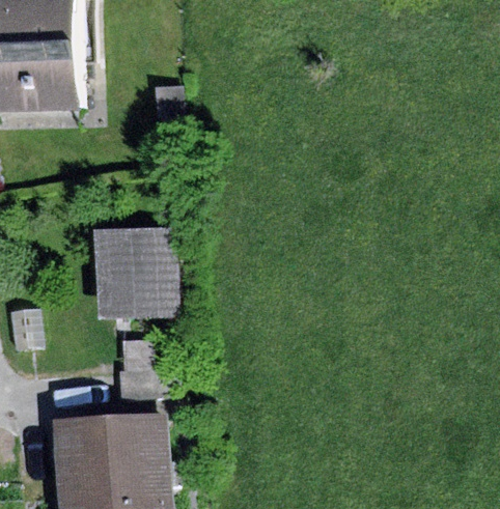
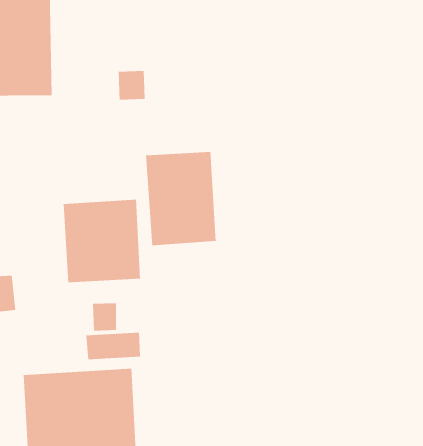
building: none -> [145,151,216,246]

